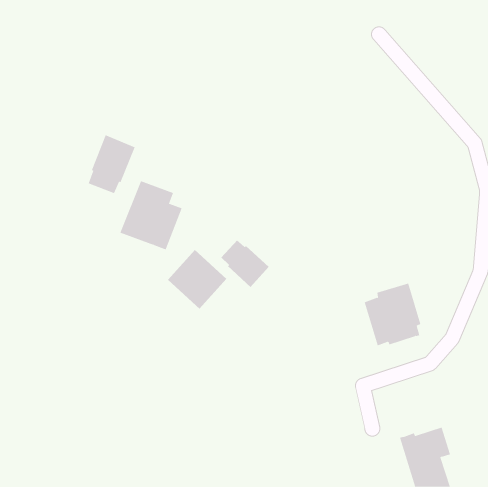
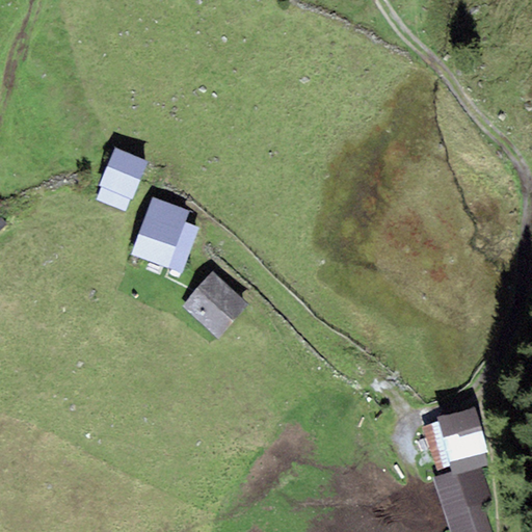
building: [220,239,270,288] -> none
building: [364,283,421,346] -> [425,406,487,475]

